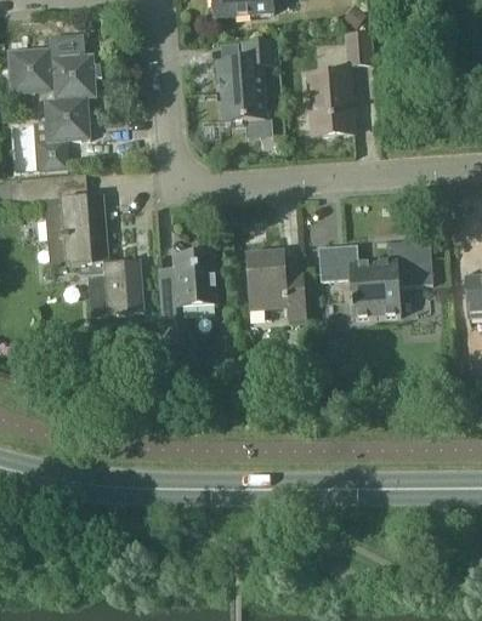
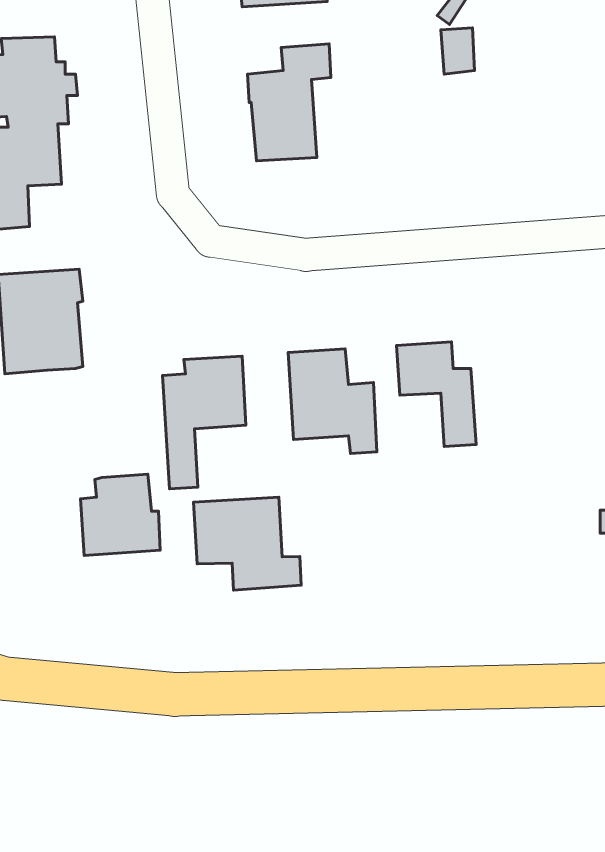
building: [306,70,353,135] -> none
building: [370,238,435,314] -> none
building: [90,258,144,314] -> [80,474,160,556]
building: none -> [194,497,301,590]

